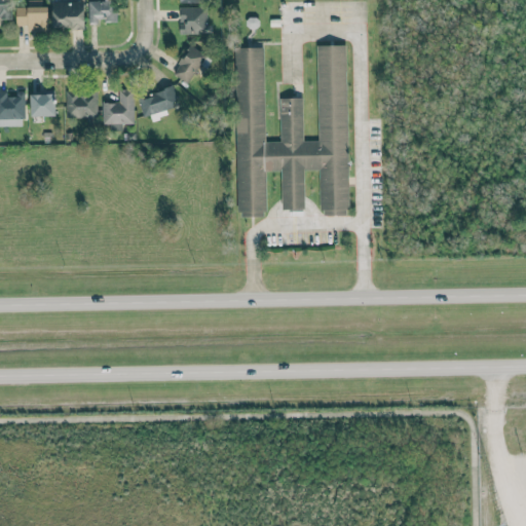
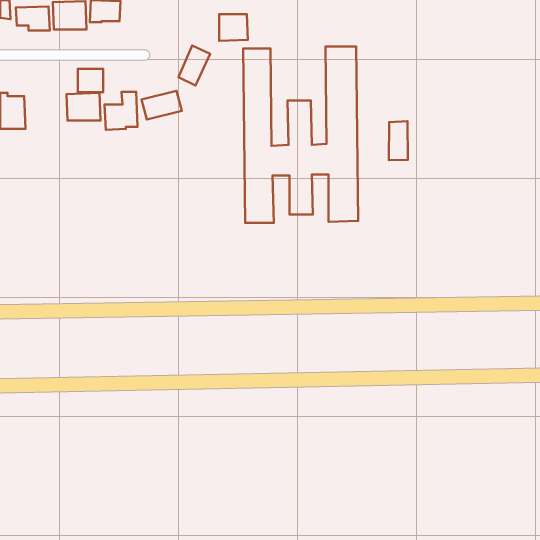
building: [179,7,206,33] -> [219,14,248,41]
building: [30,93,54,116] -> [78,69,103,92]
building: none -> [389,121,408,160]

